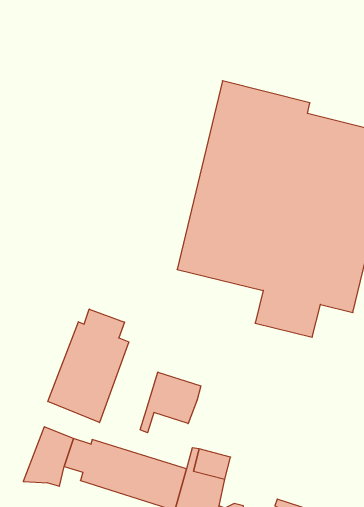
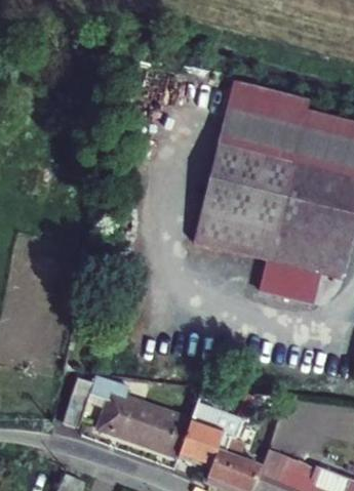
building: [48,309,129,423] -> none
building: [140,372,201,433] -> none

